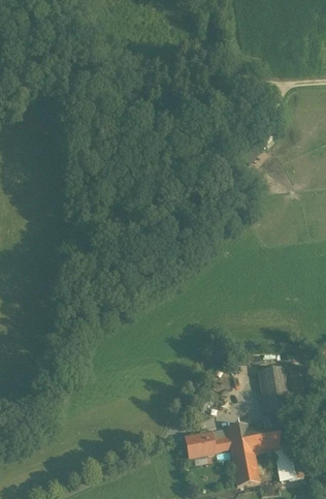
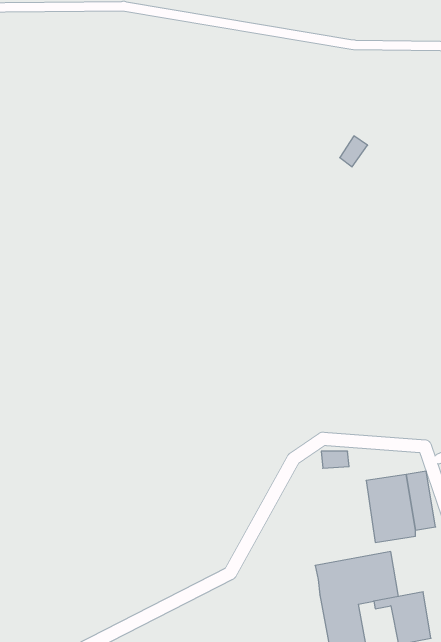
building: [186,433,230,458] -> none

